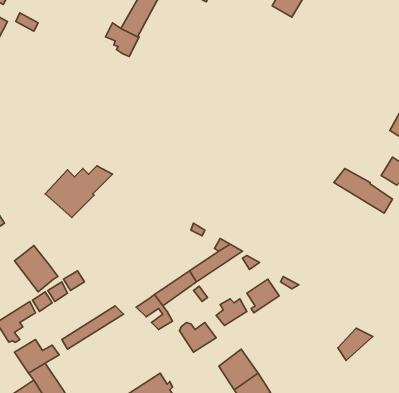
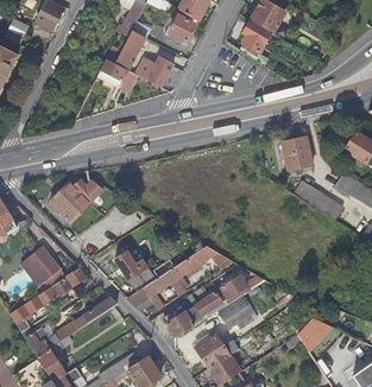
building: none -> [133,55,172,87]
building: none -> [282,138,311,170]
building: none -> [115,253,164,292]
building: none -> [219,297,254,328]

